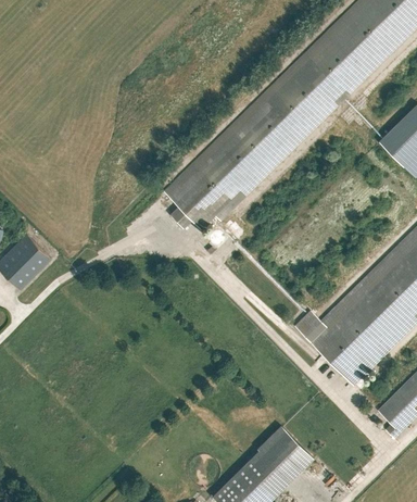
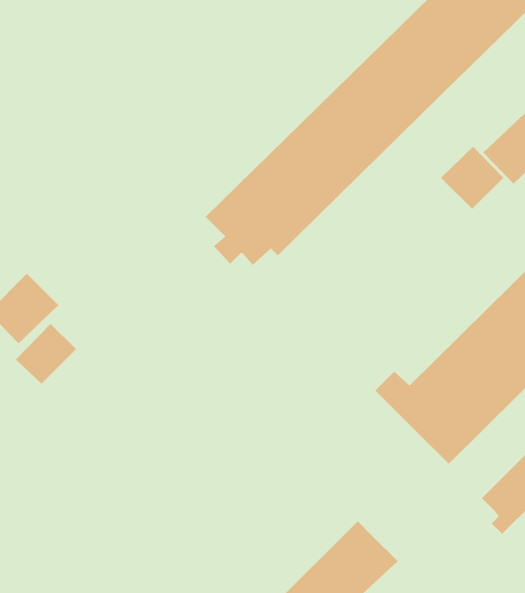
building: none -> [440,146,504,210]
building: none -> [15,323,77,385]

